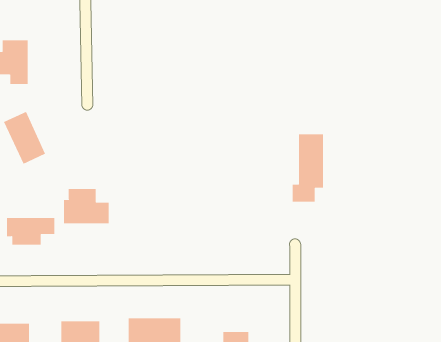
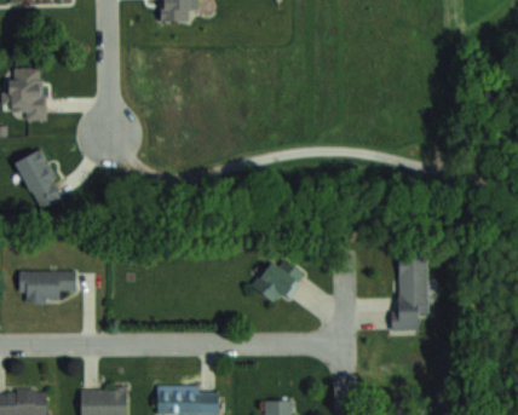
building: [292,134,324,202] -> [391,254,427,332]
building: [63,188,109,224] -> none
building: none -> [252,259,304,307]

